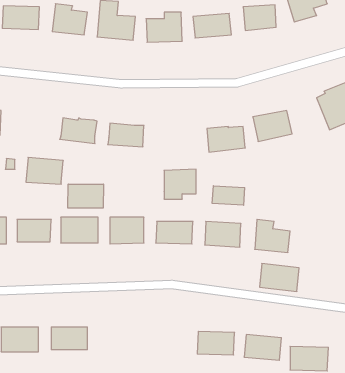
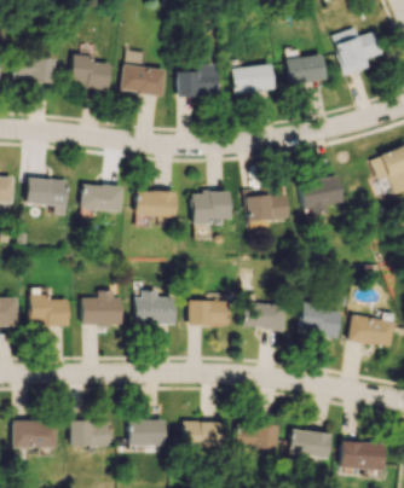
building: [26,157,63,184] -> [25,176,68,207]
building: [164,169,196,199] -> [192,191,229,225]
building: [68,184,103,208] -> none
building: [212,186,245,205] -> none
building: [260,264,299,291] -> [350,315,394,347]
building: none -> [128,420,165,446]
building: none -> [183,422,223,449]

